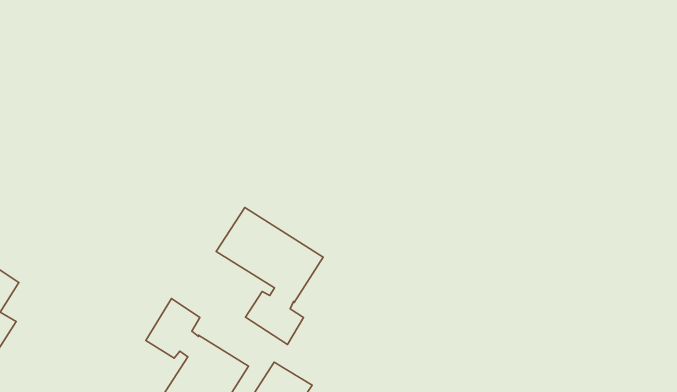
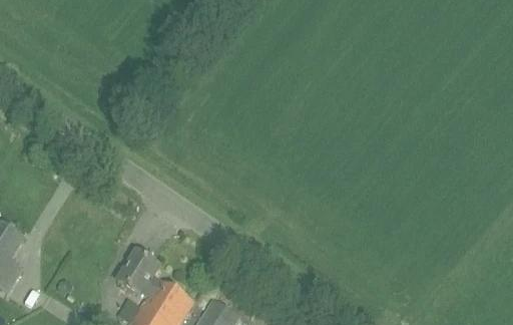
building: [216,208,323,344] -> none

